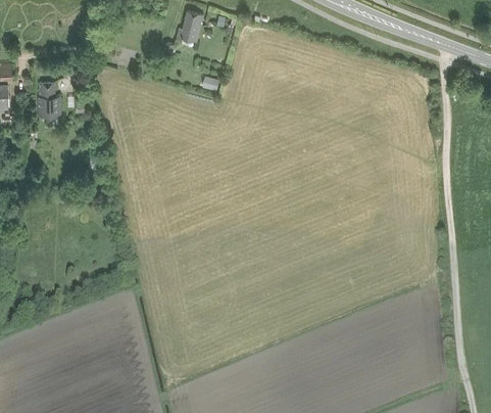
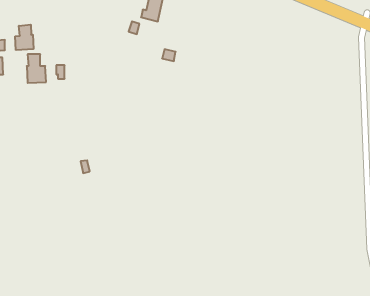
building: none -> [15,25,33,50]

